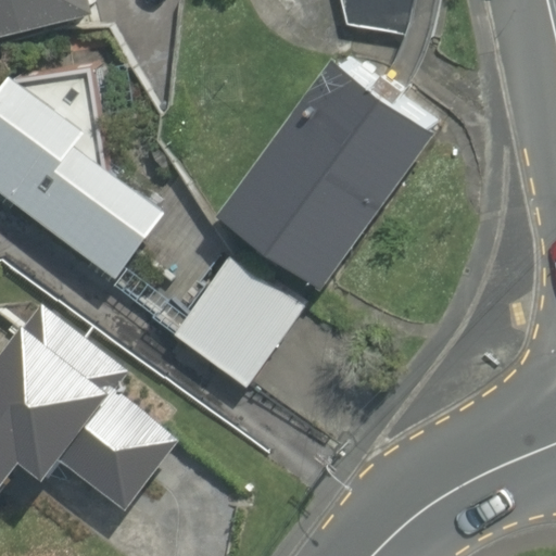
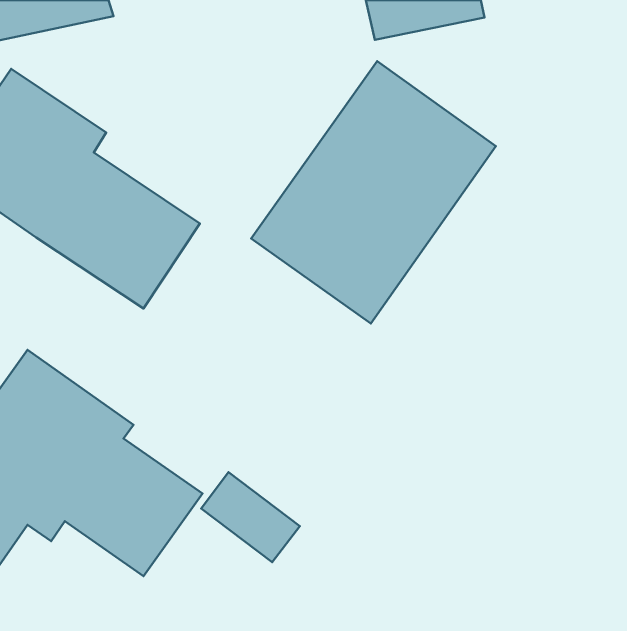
building: [168,252,304,389] -> none

